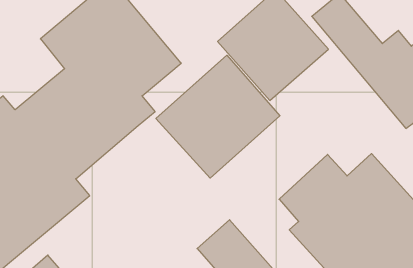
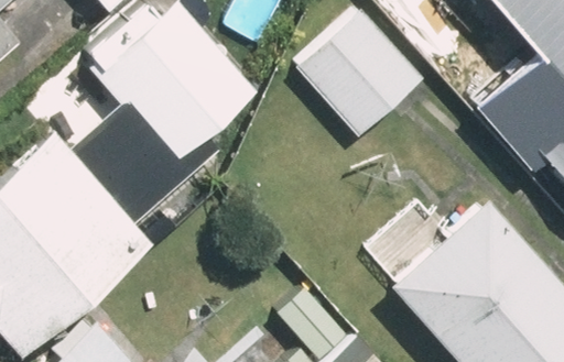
building: [156,55,280,178] -> none

